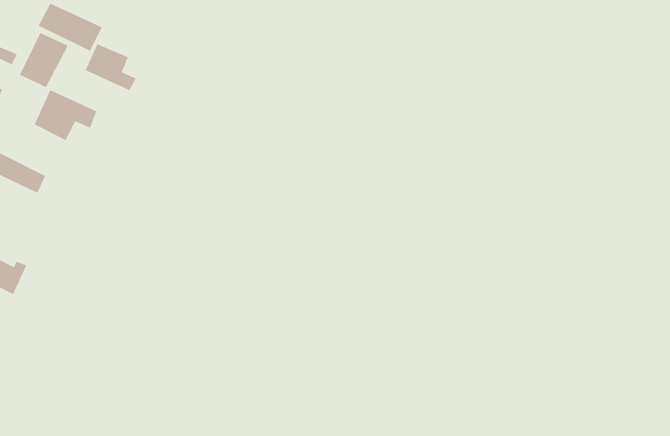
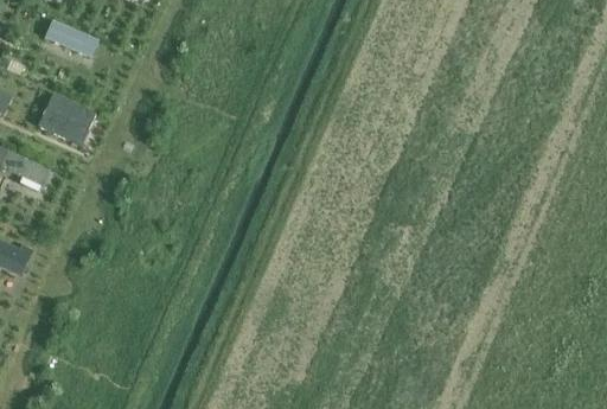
building: [19,32,68,88] -> none
building: [85,44,136,91] -> none

